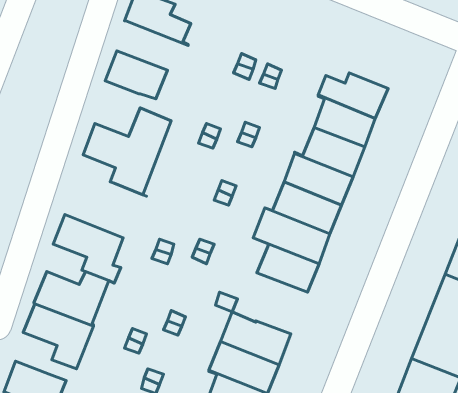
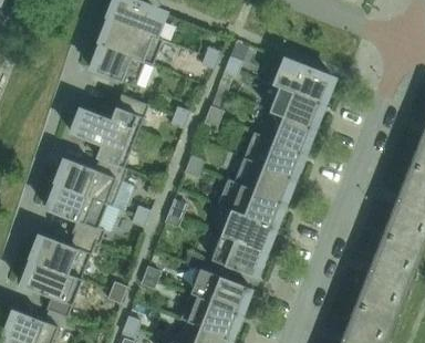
building: none -> [100,20,163,65]
building: none -> [56,158,127,207]
building: none -> [211,235,265,277]

